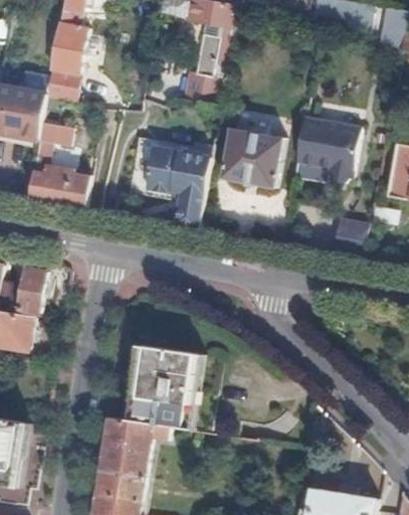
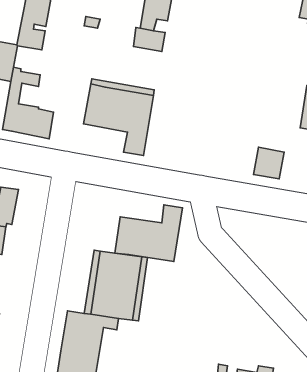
building: [295,118,361,184] -> none
building: [222,128,283,188] -> none
building: none -> [115,205,183,262]

